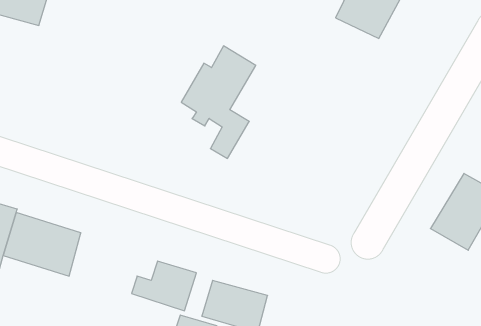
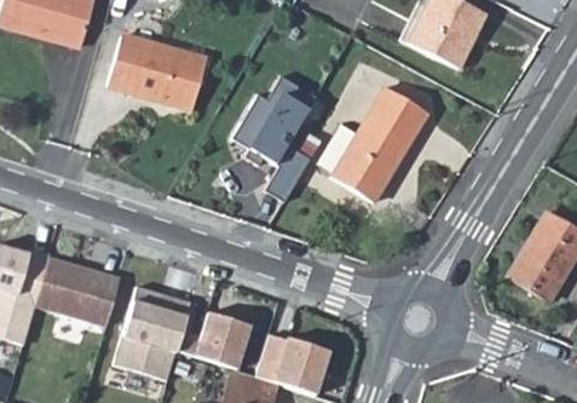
building: none -> [102,42,203,122]
building: none -> [323,86,412,189]
building: none -> [117,287,192,380]

